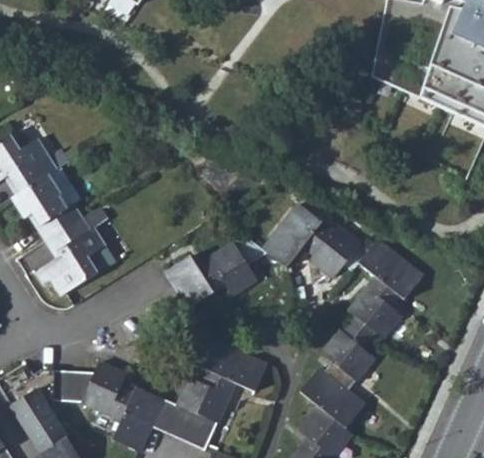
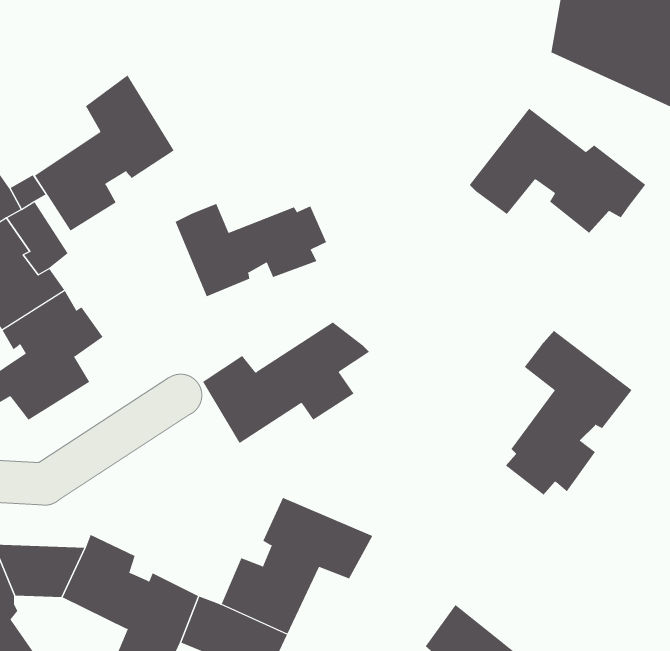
building: none -> [34,75,174,231]
building: none -> [175,203,327,297]
building: [261,204,367,279] -> [469,108,646,233]
building: [300,322,374,428] -> none

